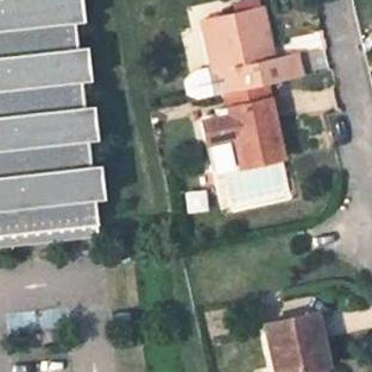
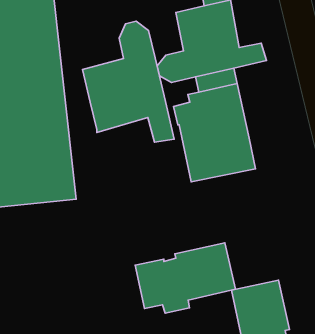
building: none -> [82,21,174,142]
building: none -> [135,243,236,313]

